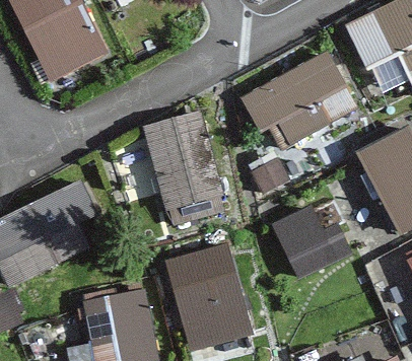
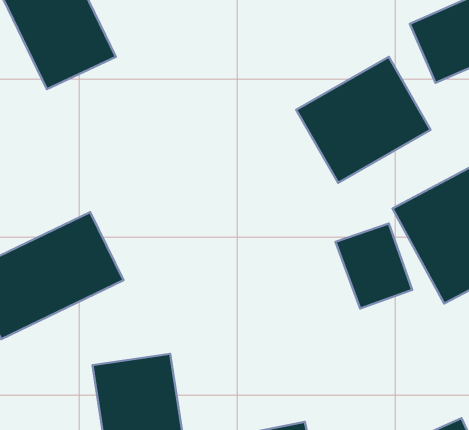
building: [141,109,225,221] -> none
building: [169,241,256,345] -> none

